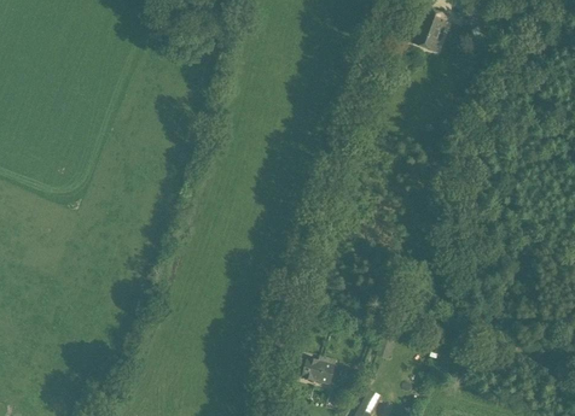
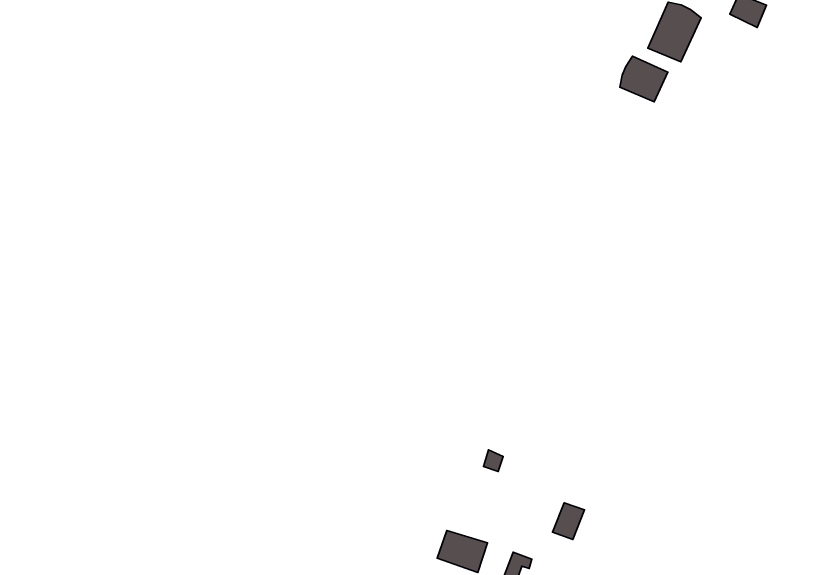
building: none -> [620,56,668,102]

